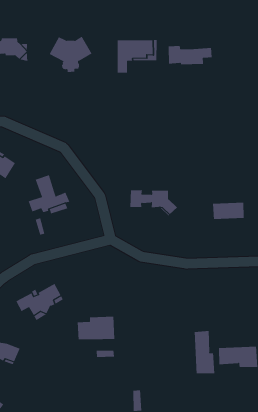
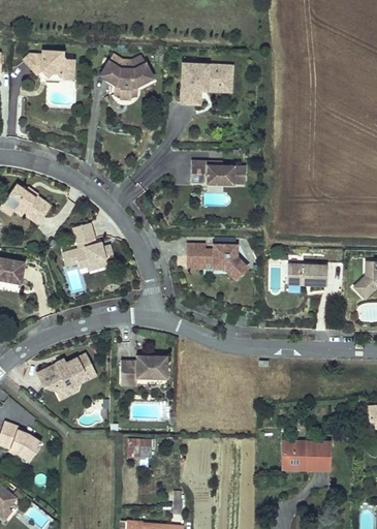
building: [168,45,213,65] -> [190,160,245,185]
building: [77,316,115,340] -> [121,353,167,382]
building: [194,330,215,374] -> none

